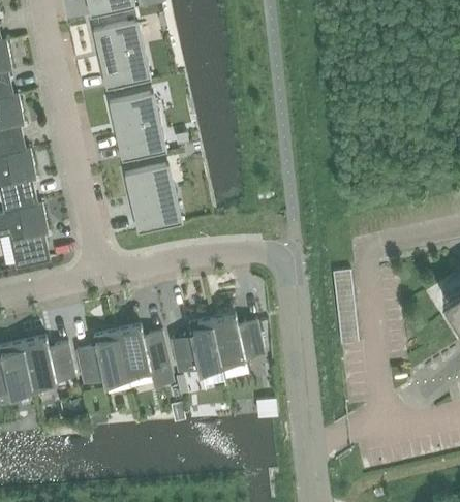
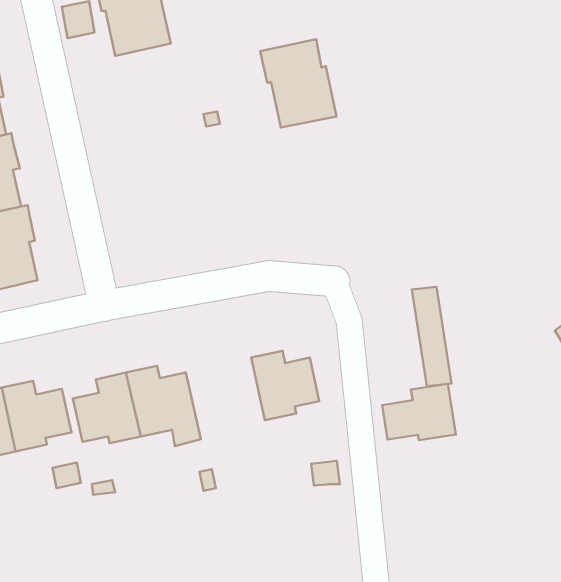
building: [108,94,165,161] -> [260,39,337,127]
building: [123,165,181,233] -> none
building: [171,319,221,372] -> none
building: none -> [382,384,456,440]

